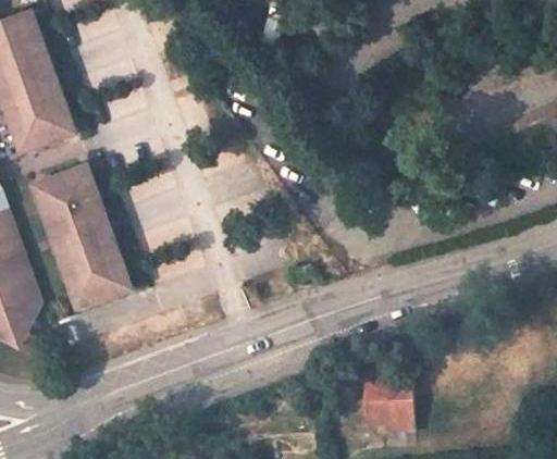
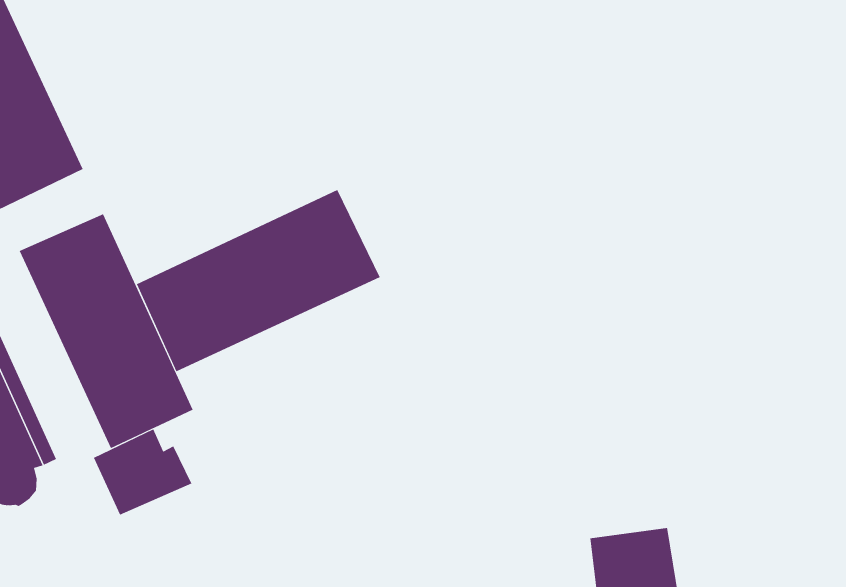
building: none -> [136,189,380,372]
building: none -> [93,429,192,515]

